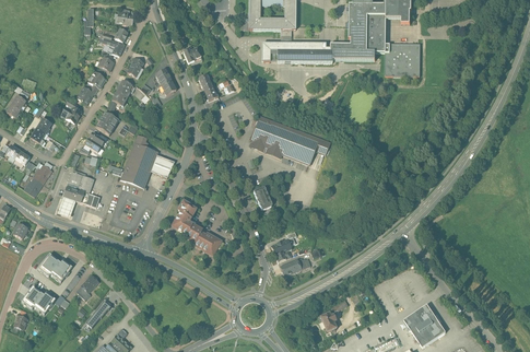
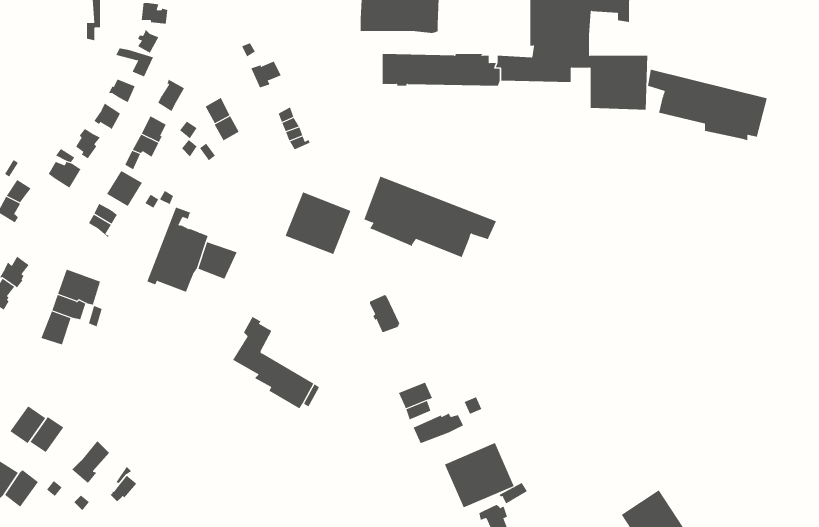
building: none -> [647,69,768,141]
building: none -> [285,192,351,255]
building: none -> [444,442,514,508]

